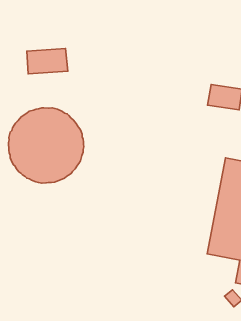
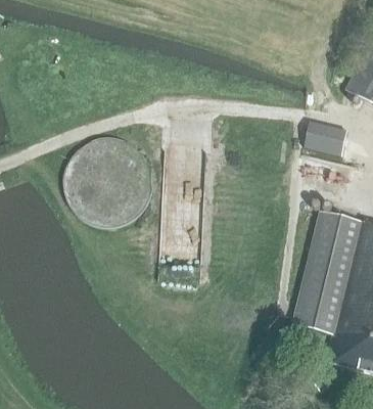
building: [27,48,68,74] -> none

